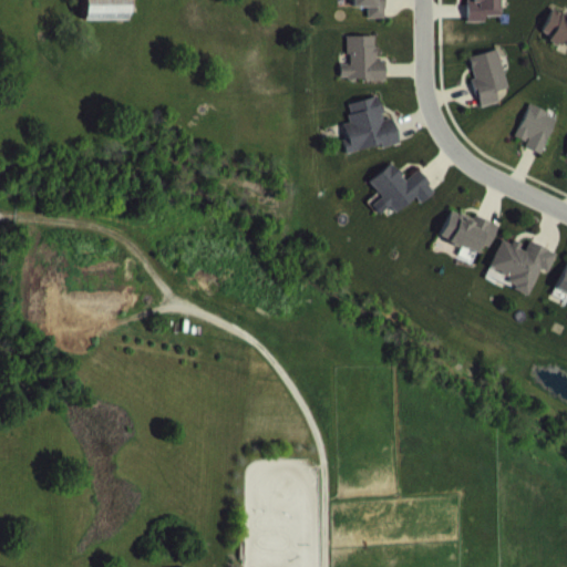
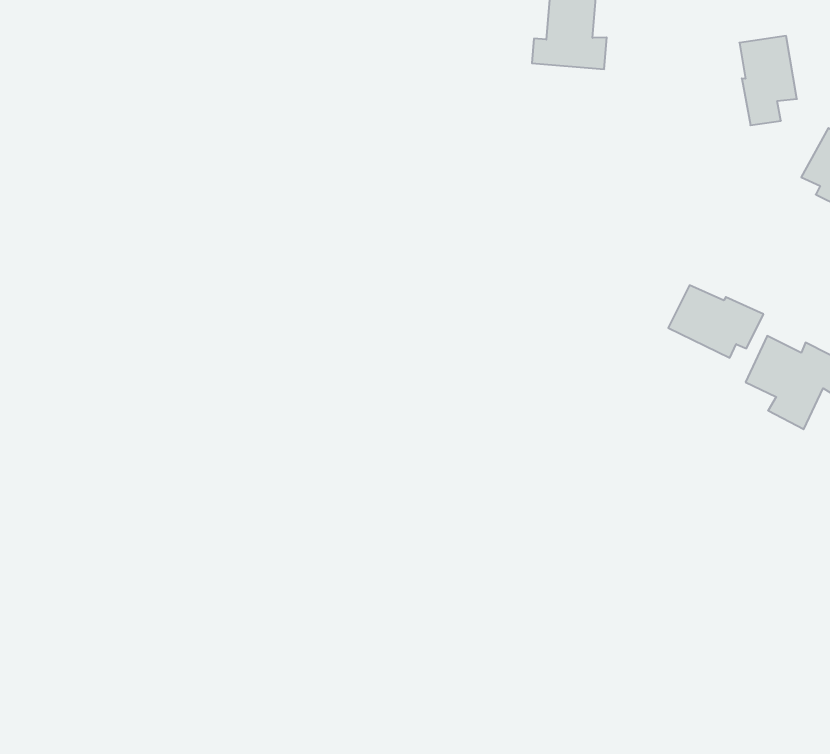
building: [343,96,400,154] -> none
building: [370,163,436,215] -> none

